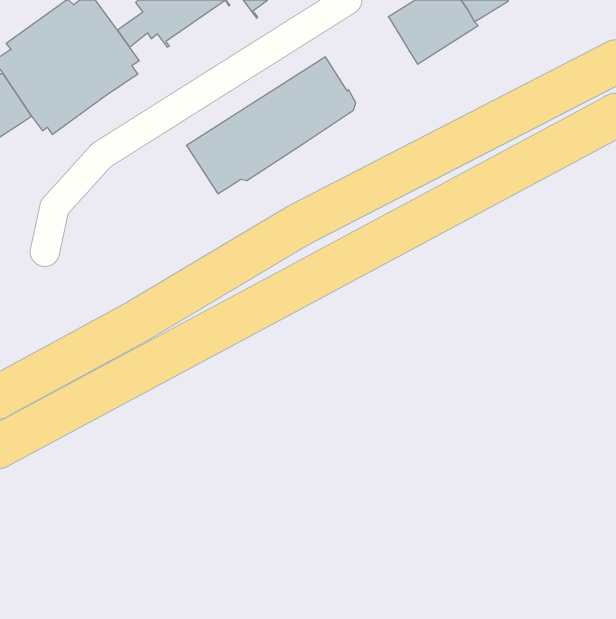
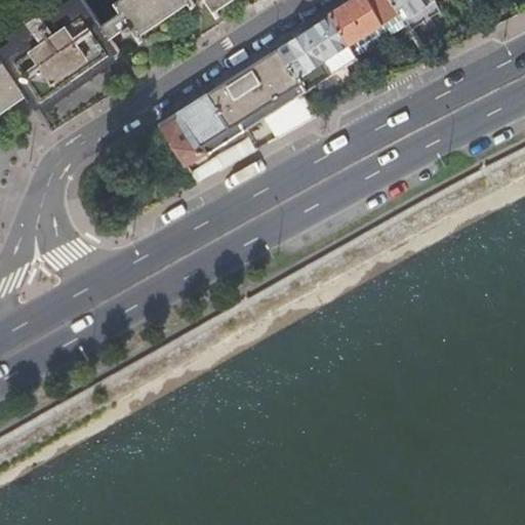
building: none -> [276,14,347,77]

